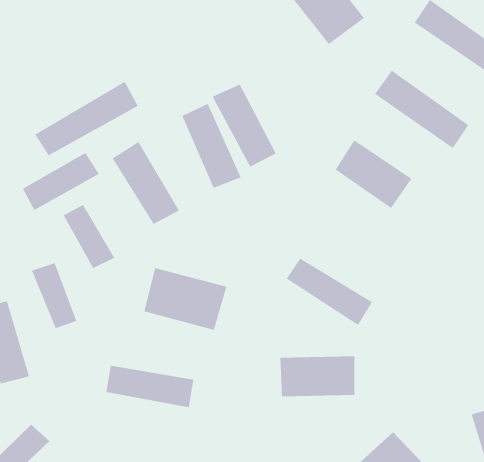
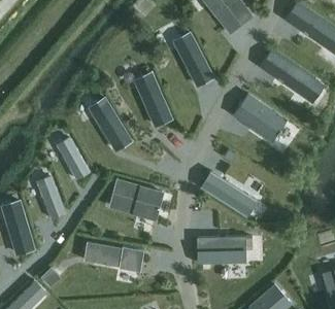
building: [34,81,139,156] -> none
building: [212,84,277,168] -> [172,32,214,87]
building: [22,152,99,211] -> none

